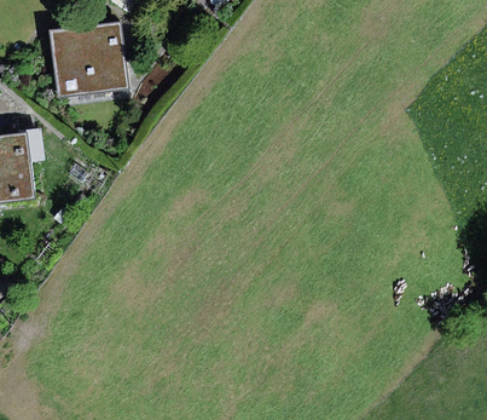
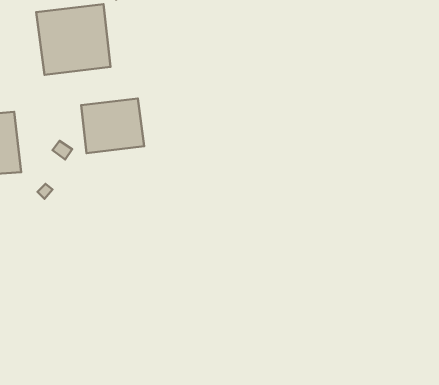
building: none -> [81,98,144,153]

